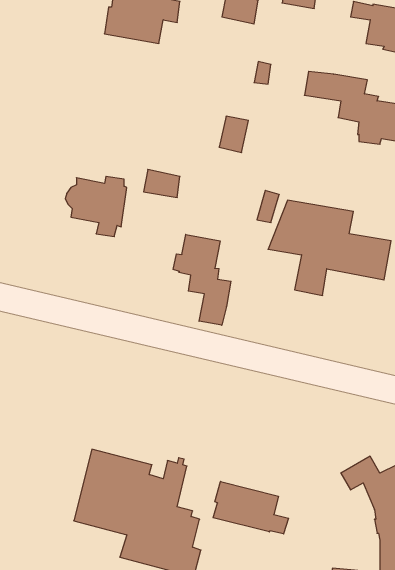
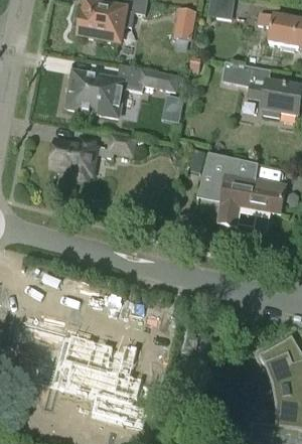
building: none -> [66,64,178,115]
building: [173,234,231,325] -> none
building: [213,481,289,534] -> none

